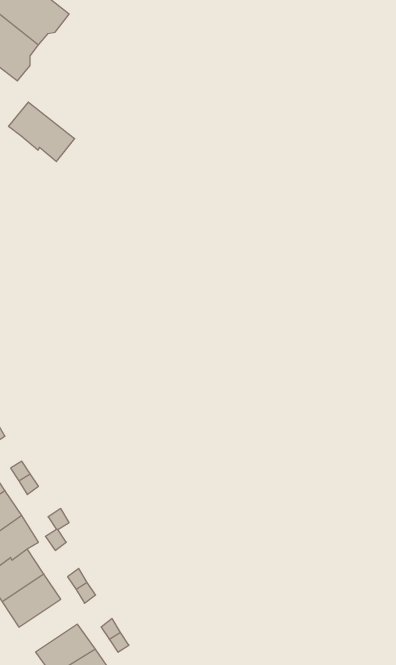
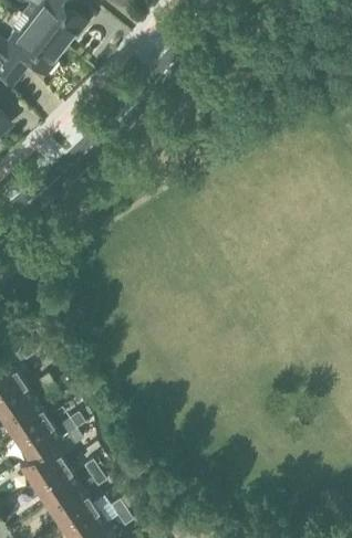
building: [9,102,75,162] -> none
building: none -> [45,484,92,526]

